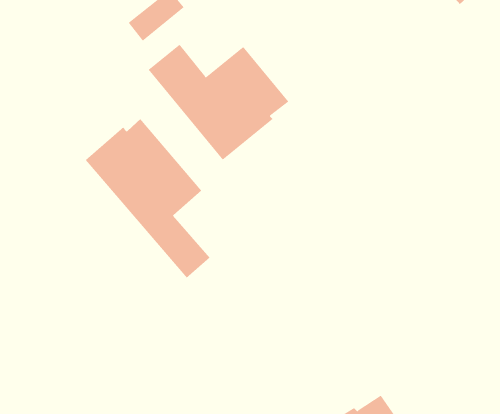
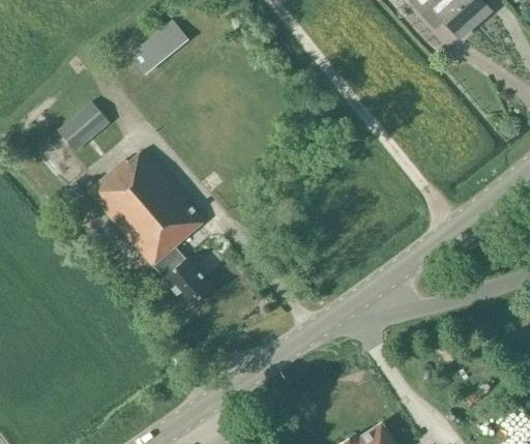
building: [148,44,289,161] -> none
building: none -> [59,102,109,151]

